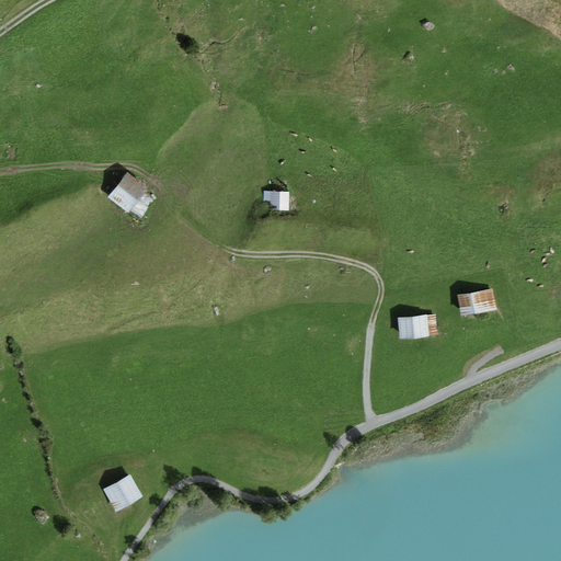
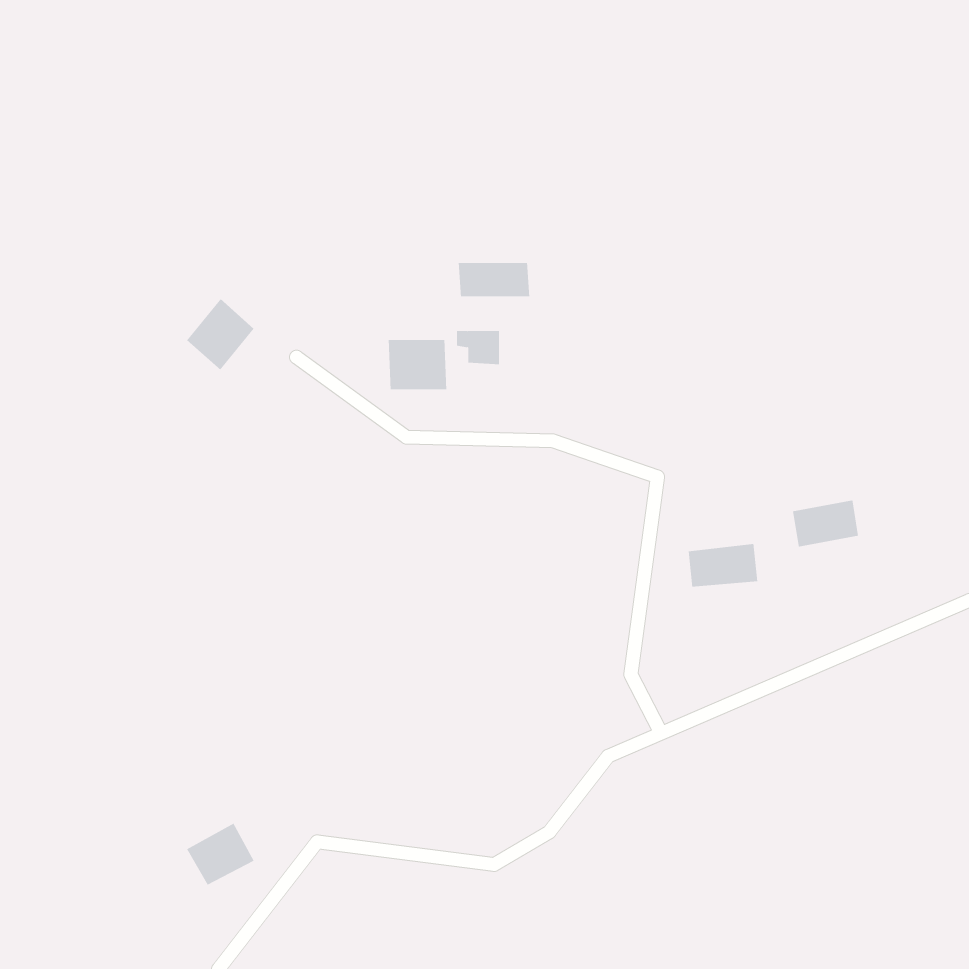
building: none -> [458,262,530,297]
building: none -> [388,339,447,390]

